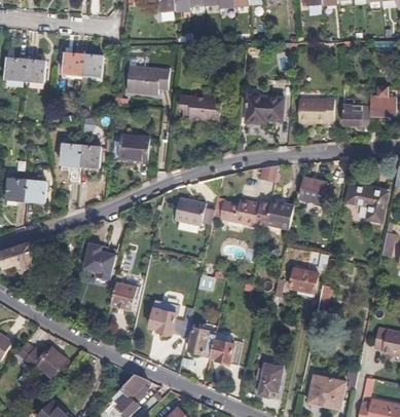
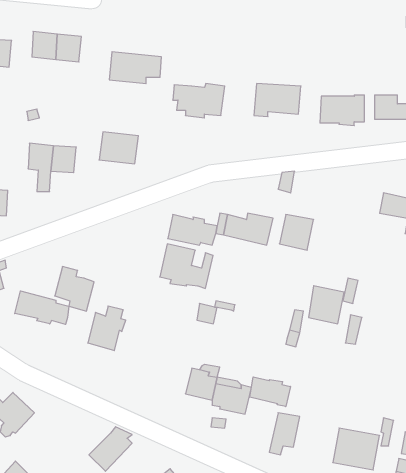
building: [297,180,324,207] -> none
building: none -> [15,291,69,324]
building: [149,299,192,335] -> [160,244,213,288]
building: none -> [250,377,290,407]

